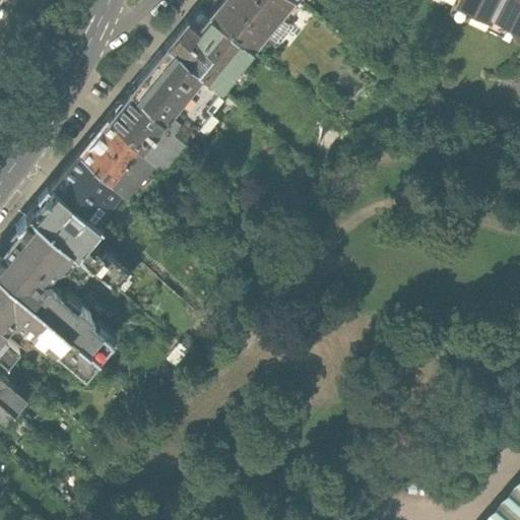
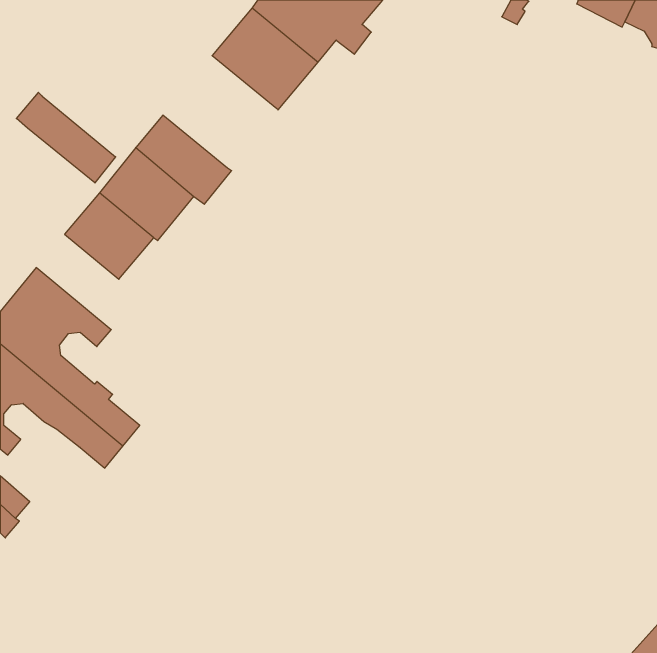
building: [131,50,220,138] -> none
building: none -> [16,92,116,183]
building: [31,190,131,287] -> none

